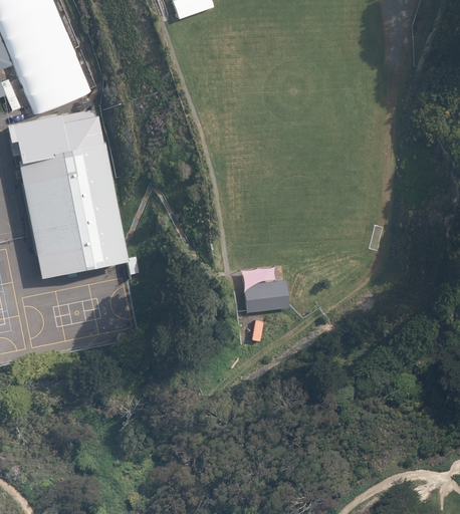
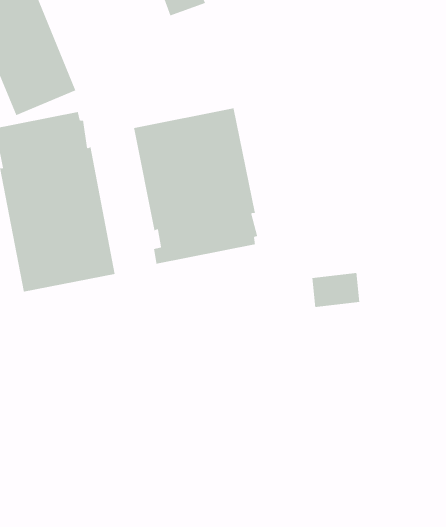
building: none -> [134,108,258,264]
building: [244,279,290,312] -> [311,273,360,308]

